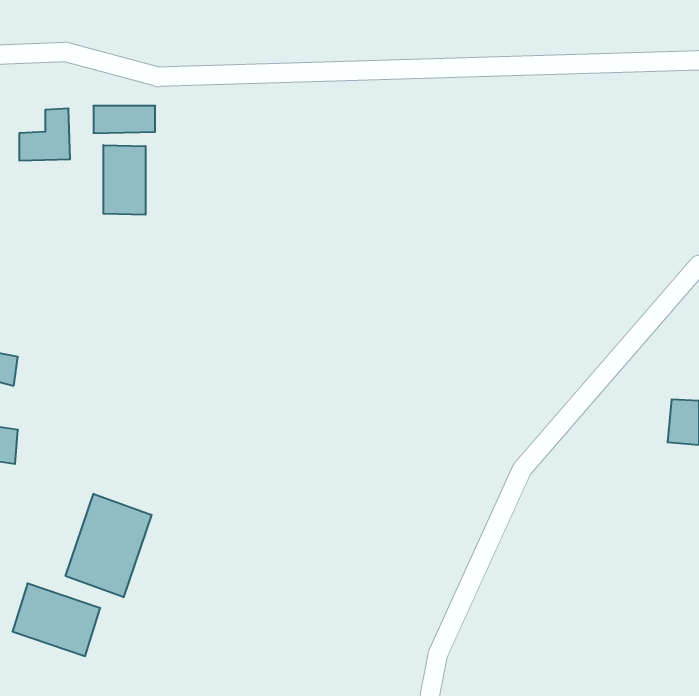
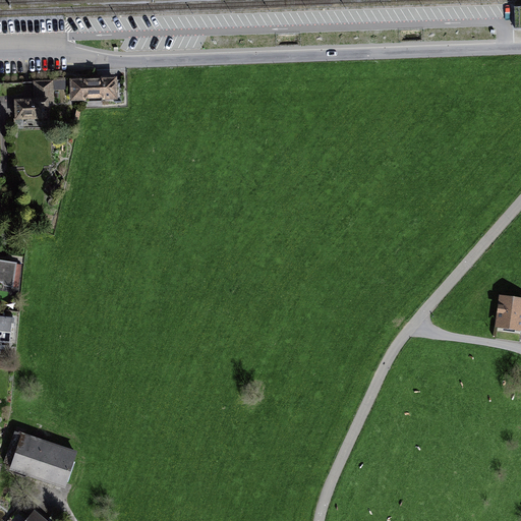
building: [103,145,146,215] -> none
building: [66,494,152,597] -> none

